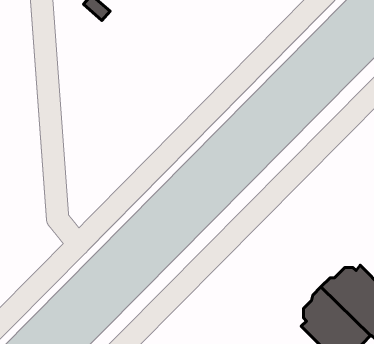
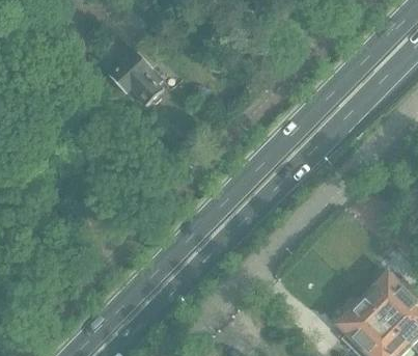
building: none -> [107,47,162,104]

